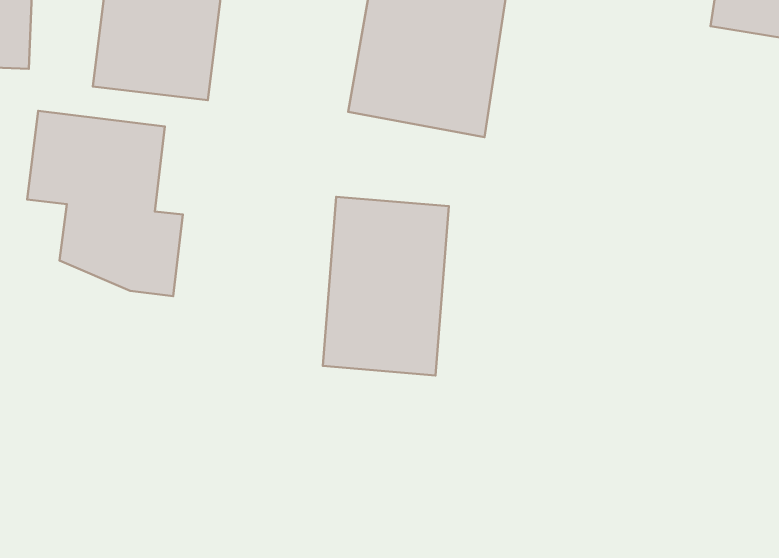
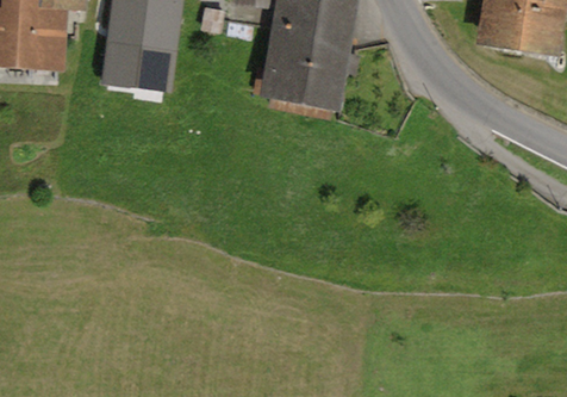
building: [27,111,183,296] -> none
building: [323,197,449,375] -> none

